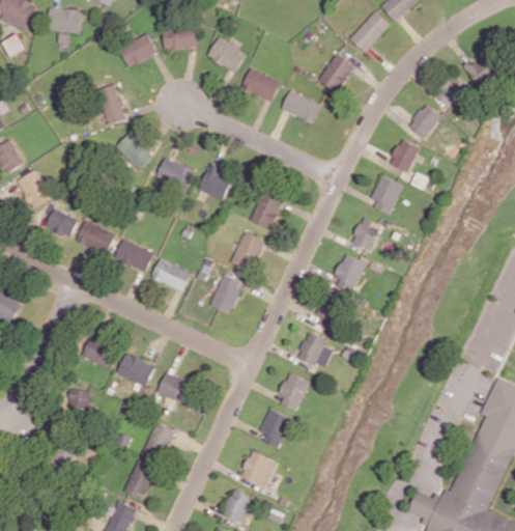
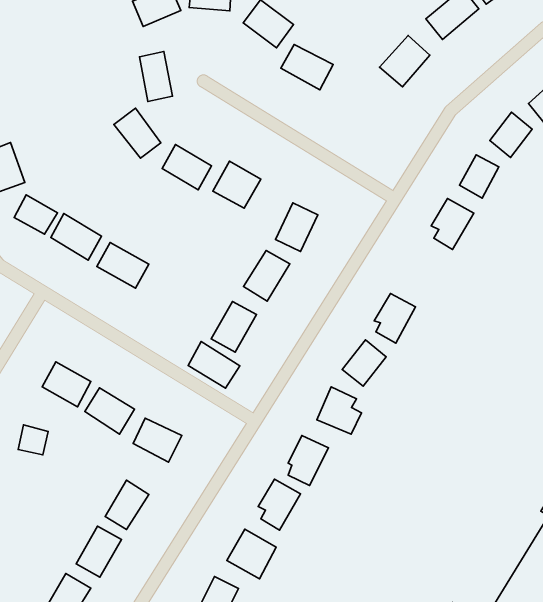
building: [97,84,126,124] -> [139,51,172,102]
building: [281,90,320,122] -> none
building: [351,217,381,250] -> none
building: [151,257,192,291] -> [188,342,240,388]

